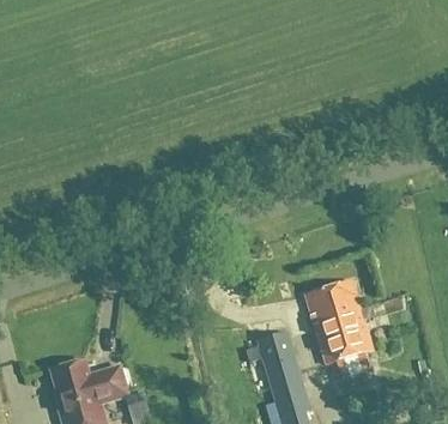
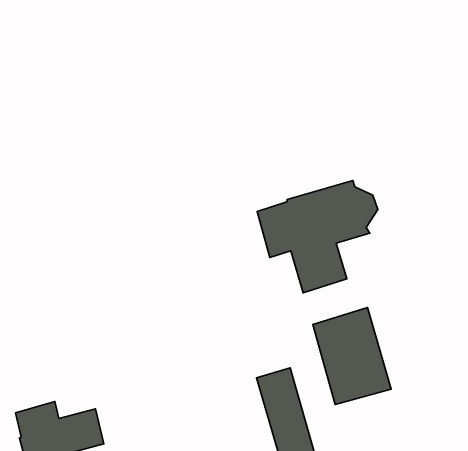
building: none -> [257,180,378,293]

